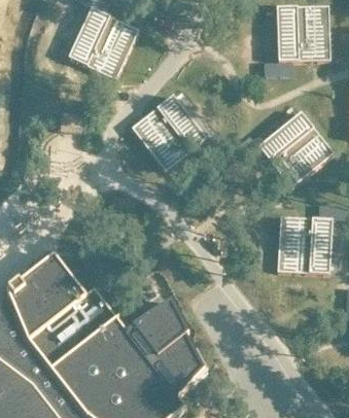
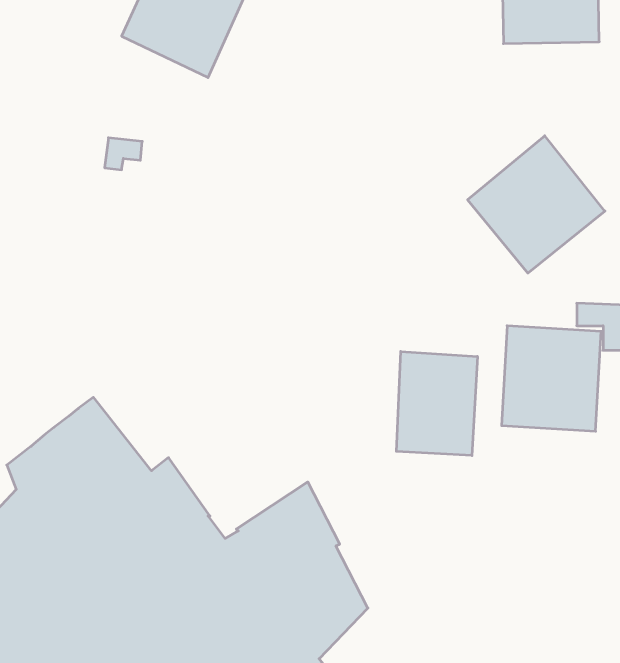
building: [131,95,206,170] -> none
building: none -> [396,351,477,456]

